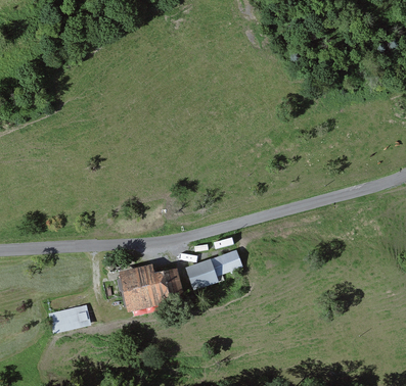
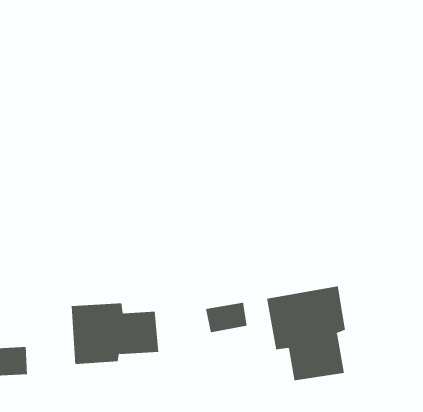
building: none -> [267,286,346,381]
building: [185,258,217,288] -> none

